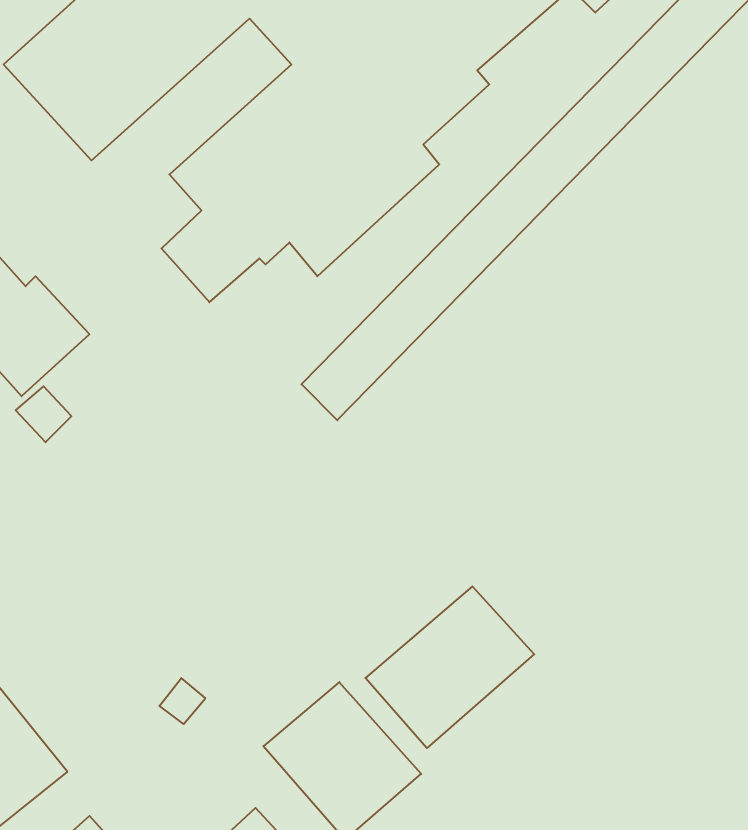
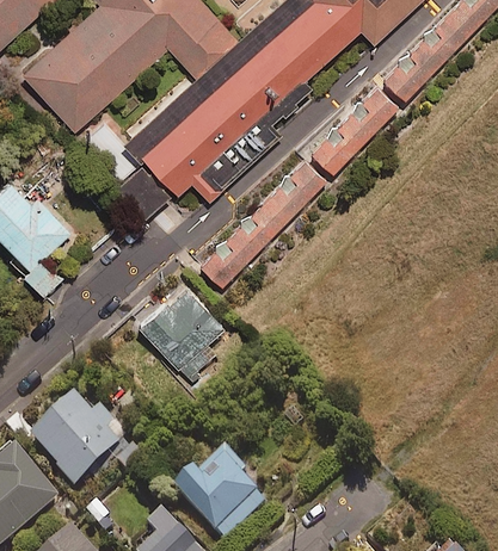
building: none -> [140,286,227,373]
building: [365,586,534,748] -> none
building: none -> [30,391,123,484]

